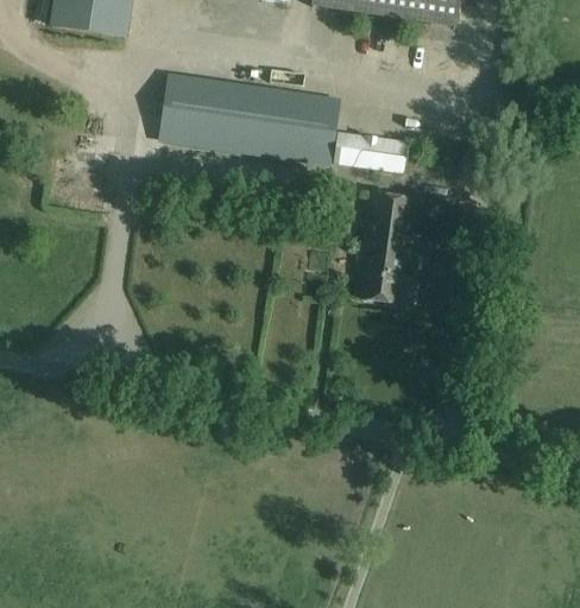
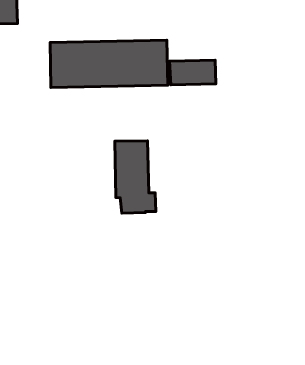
building: [358,191,417,303] -> [115,141,156,213]

